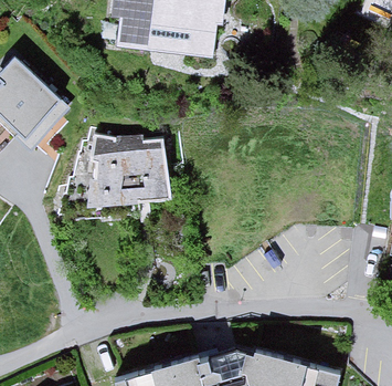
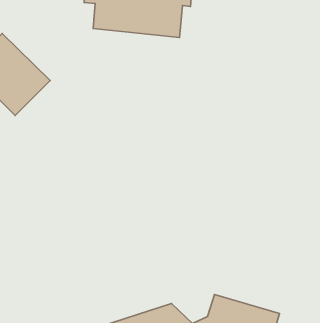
building: [84,137,173,212] -> none

